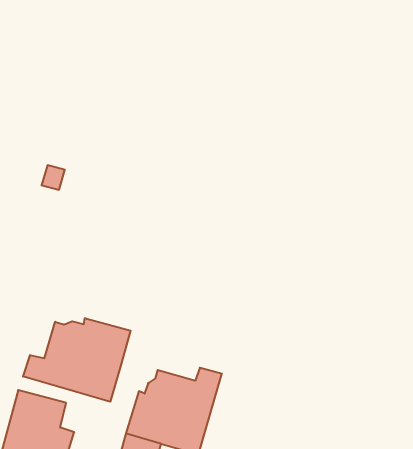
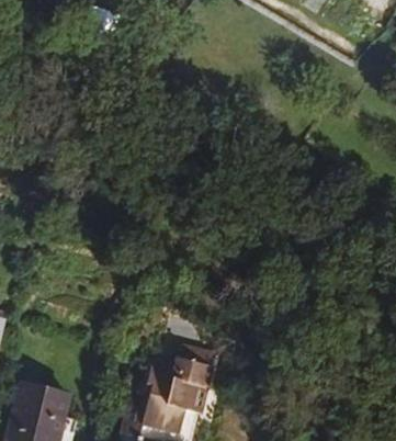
building: [23,318,131,402] -> none

